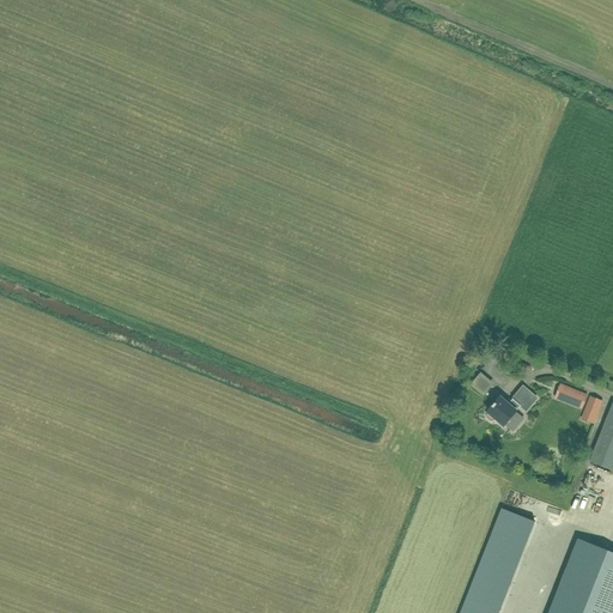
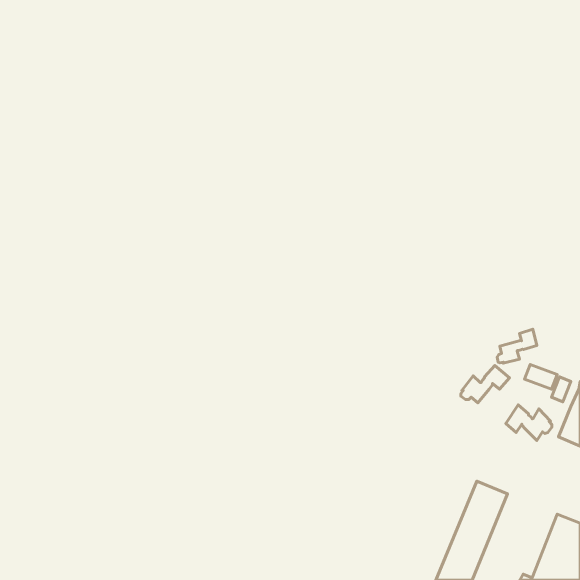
building: none -> [497,329,537,363]
building: none -> [506,405,552,440]

